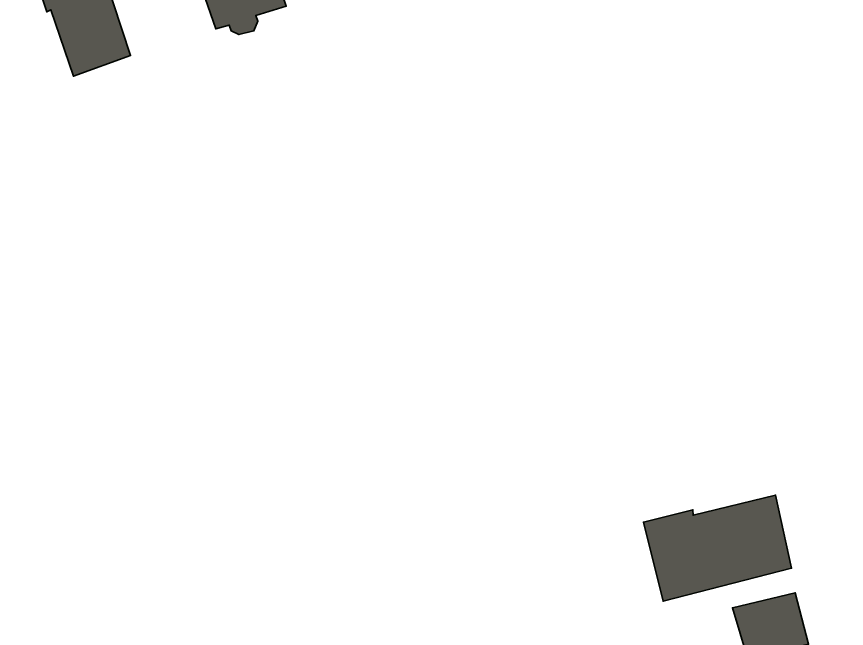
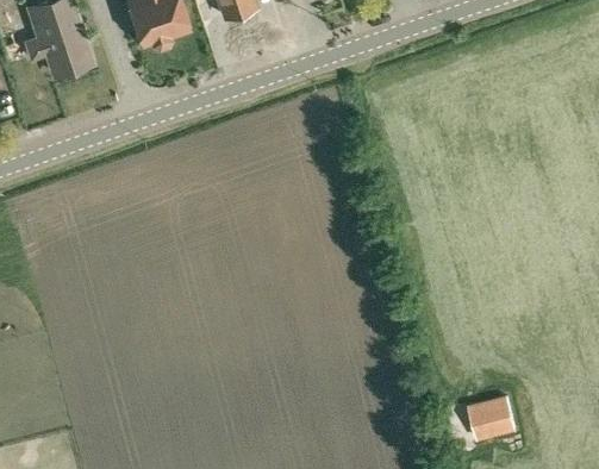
building: [644,495,792,601] -> none

